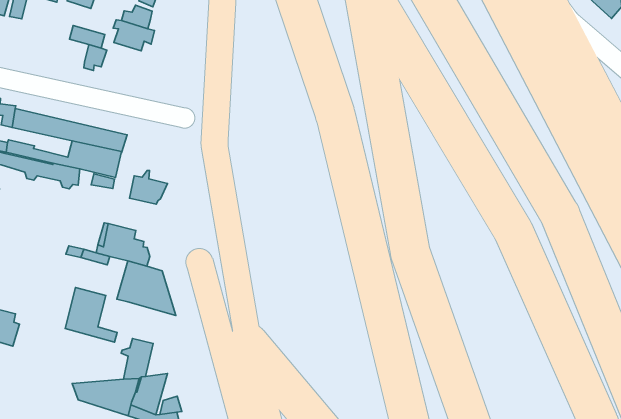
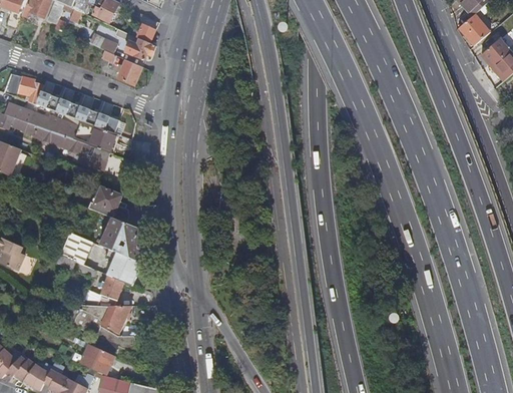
building: none -> [117,59,142,84]
building: [130,170,167,204] -> none
building: none -> [105,248,143,285]

